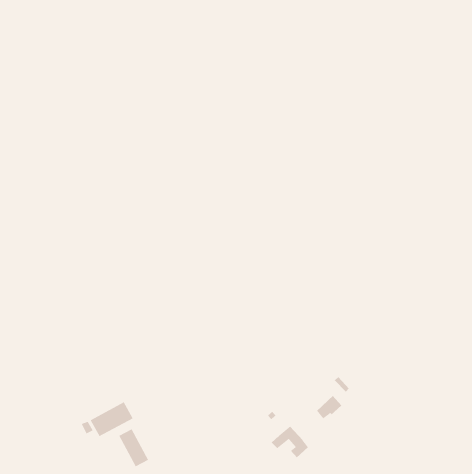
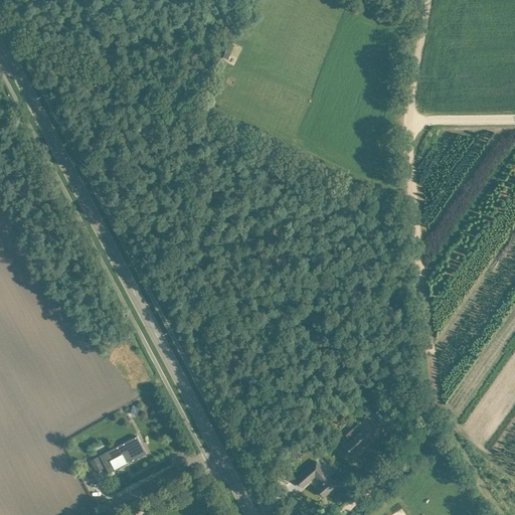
building: [119,429,149,467] -> none

